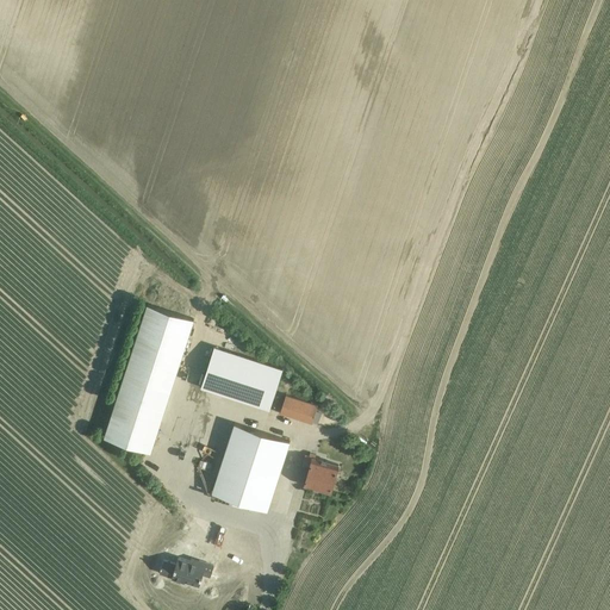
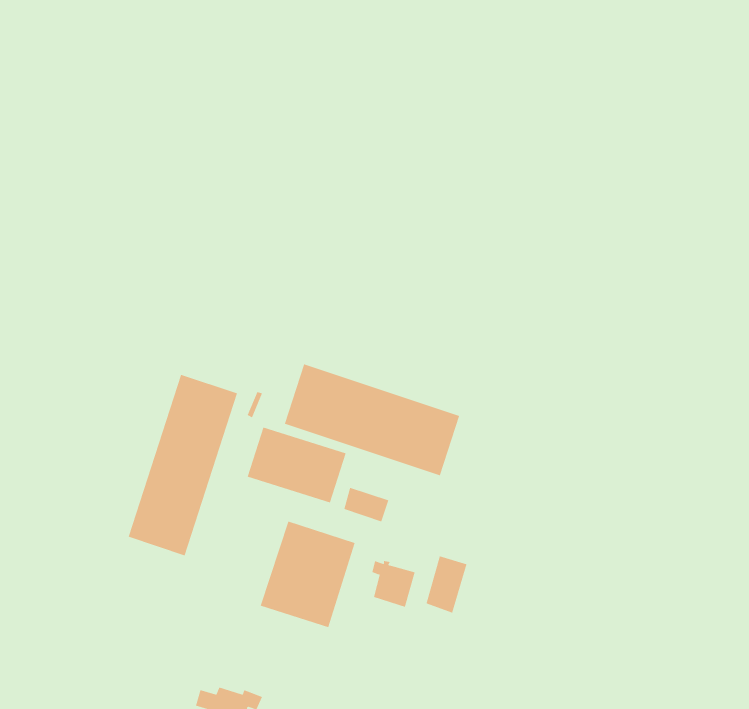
building: none -> [284,364,460,476]
building: none -> [426,556,467,614]

